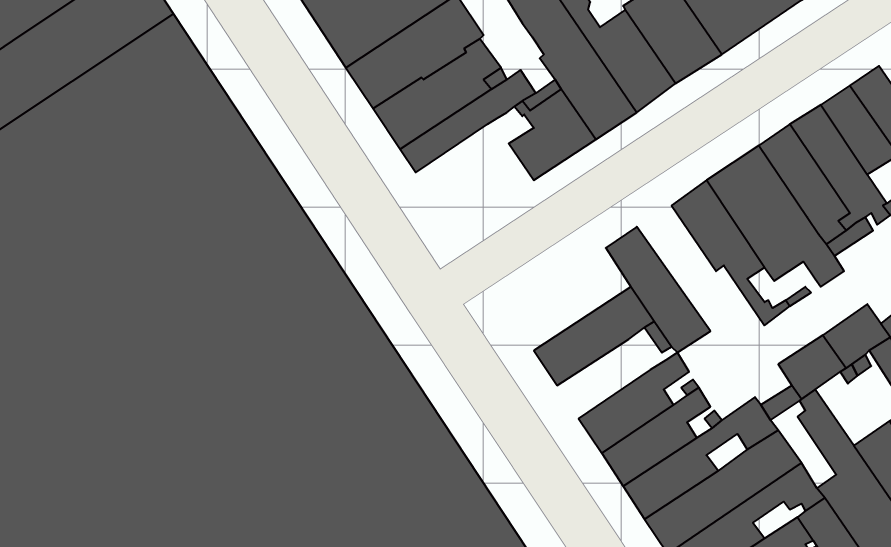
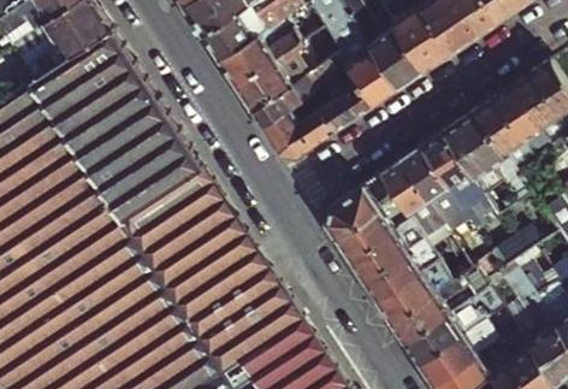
building: none -> [261,89,335,158]
building: none -> [398,147,469,234]
building: none -> [325,173,395,237]
building: none -> [349,230,407,279]

